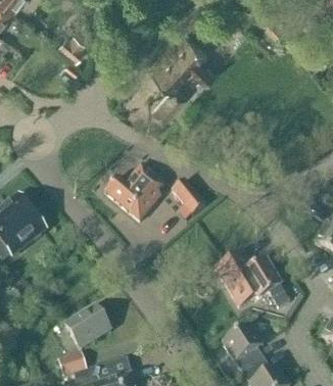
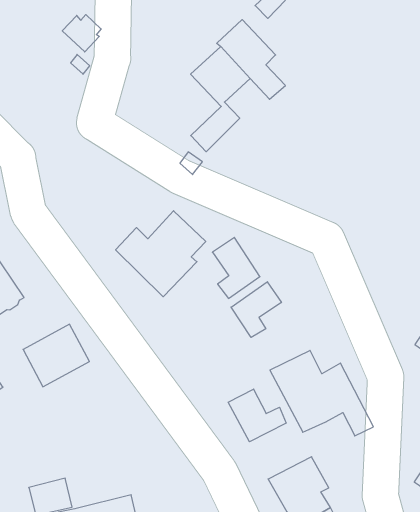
building: none -> [231,282,281,337]
building: none -> [228,389,286,442]
building: [65,305,111,349] -> [23,324,89,387]

